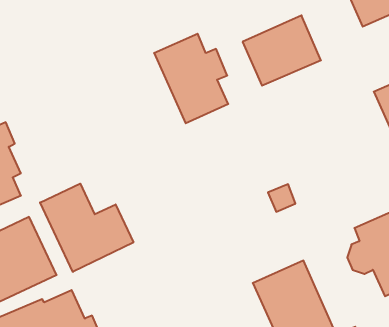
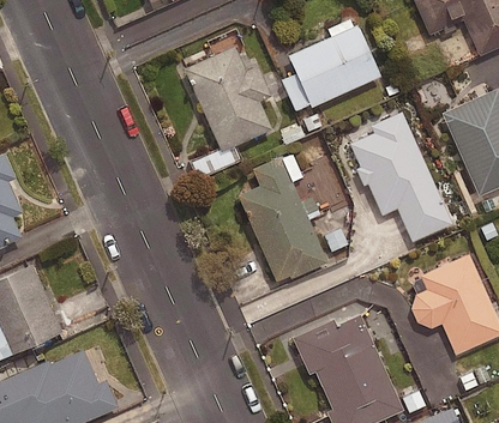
building: none -> [350,110,452,242]
building: none -> [238,155,325,280]
building: [40,184,133,272] -> none

